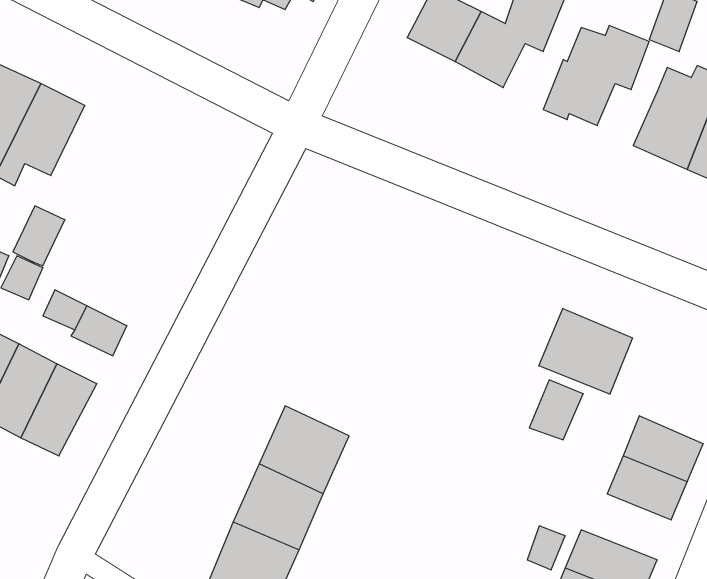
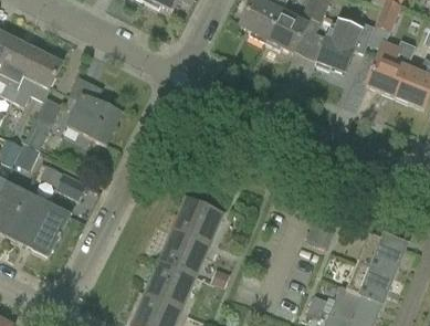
building: none -> [67,76,120,145]
building: [539,308,632,394] -> none
building: none -> [172,196,222,244]
building: none -> [336,276,386,313]

